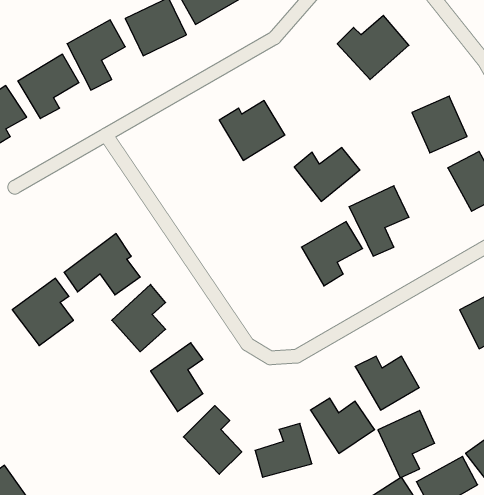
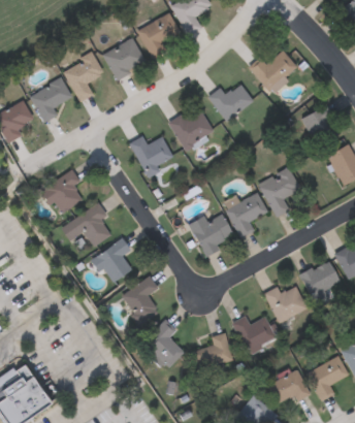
building: none -> [130,136,174,174]
building: [294,148,360,201] -> [208,85,254,122]
building: none -> [192,210,234,252]
building: [12,278,73,346] -> [41,169,84,216]
building: [378,410,435,478] -> [300,260,340,306]

